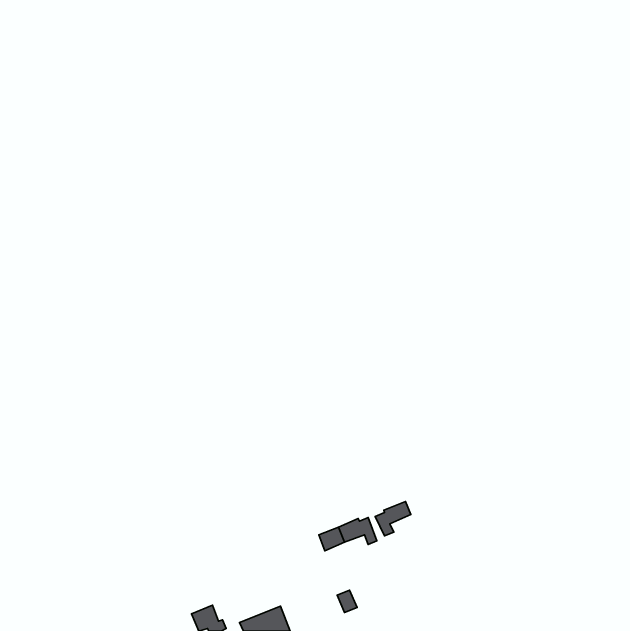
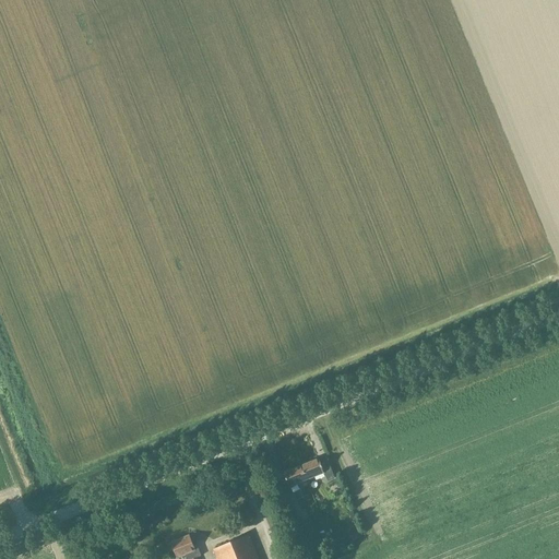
building: [375,502,411,536] -> none

